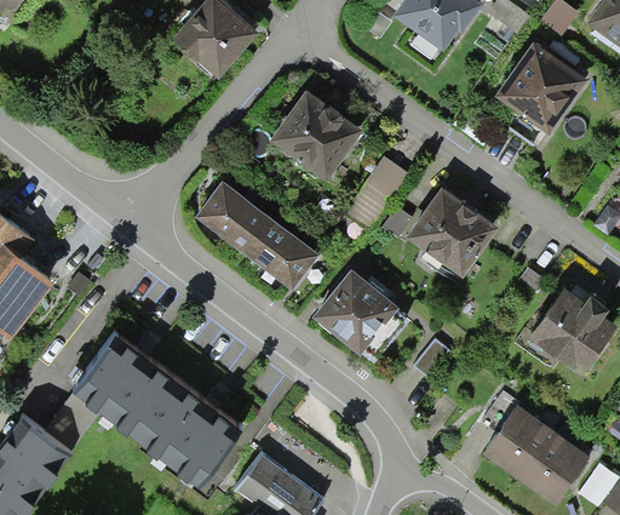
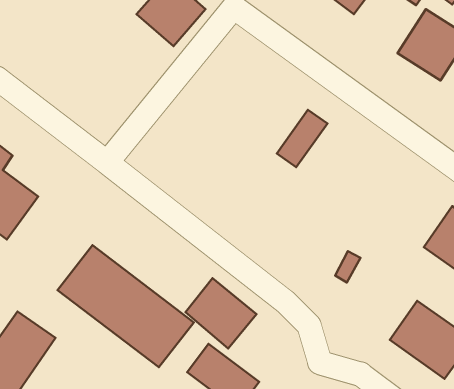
building: [271,102,358,187] -> none
building: [196,181,316,286] -> none
building: [407,201,493,285] -> none
building: [316,284,404,371] -> [185,278,256,348]

